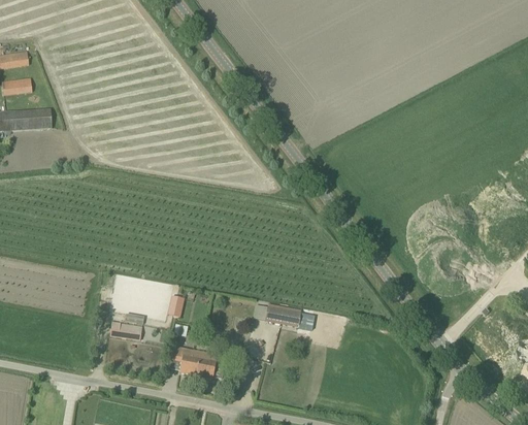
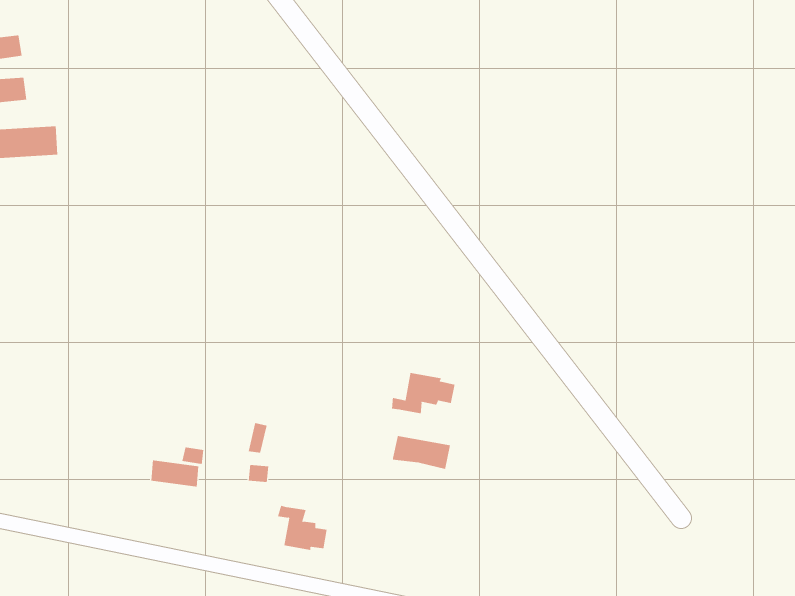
building: none -> [392,372,455,414]
building: [171,346,198,375] -> none

